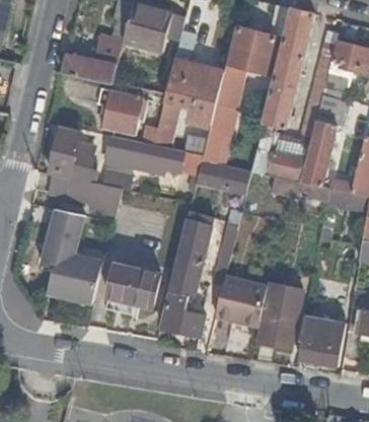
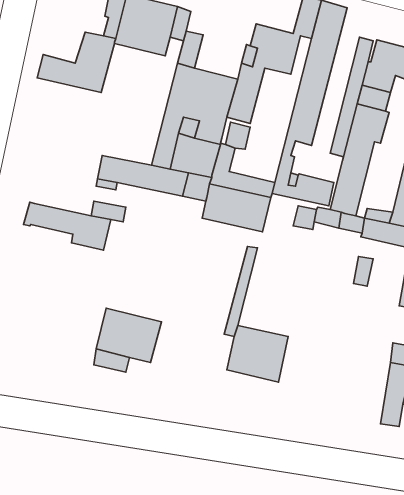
building: [98,88,144,134] -> none
building: [50,130,93,180] -> none
building: [40,209,103,303] -> none
building: [160,218,213,337] -> none
building: [256,284,301,348] -> none
building: [299,314,344,365] -> none

